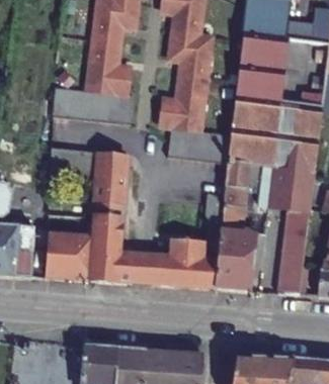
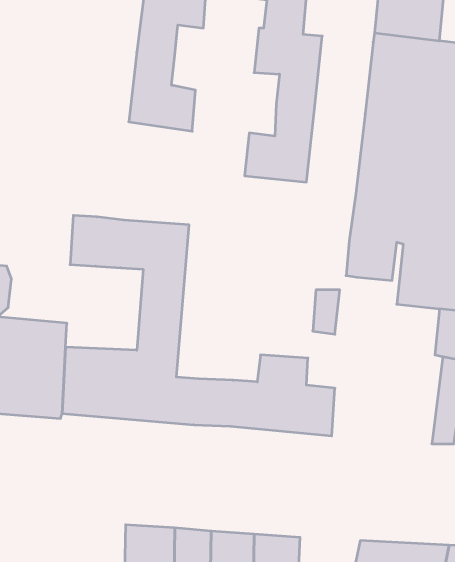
building: [55,89,135,126] -> none
building: [170,129,233,165] -> none
building: [218,187,256,291] -> none

